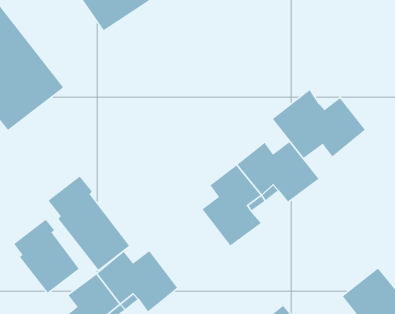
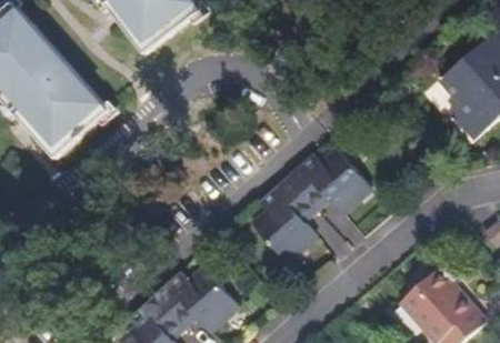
building: [272,89,366,159] -> none
building: [48,176,130,271] -> none
building: [13,219,80,294] -> none

